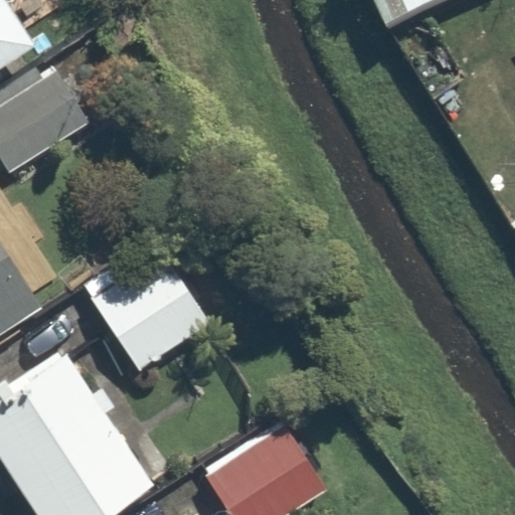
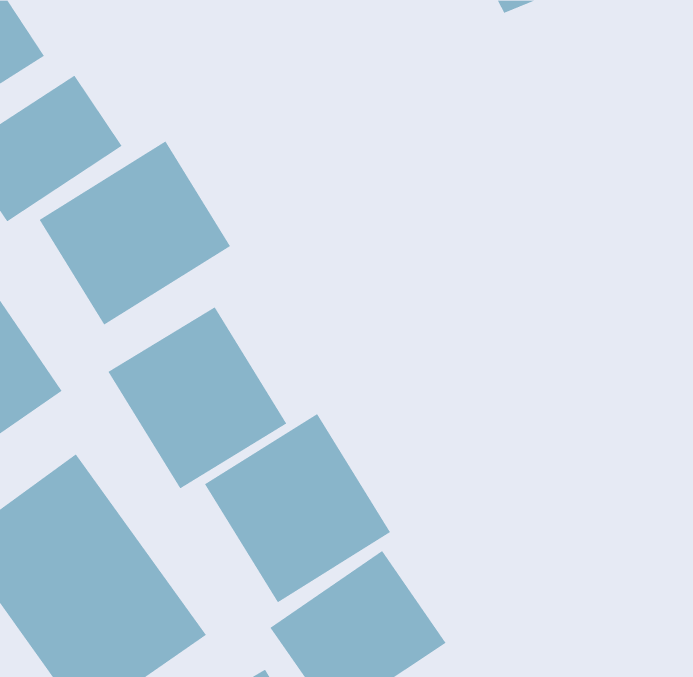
building: none -> [39,141,231,325]
building: none -> [204,413,391,603]

